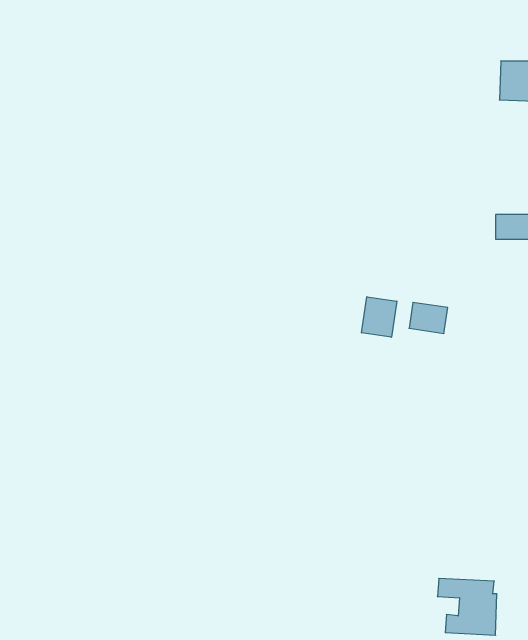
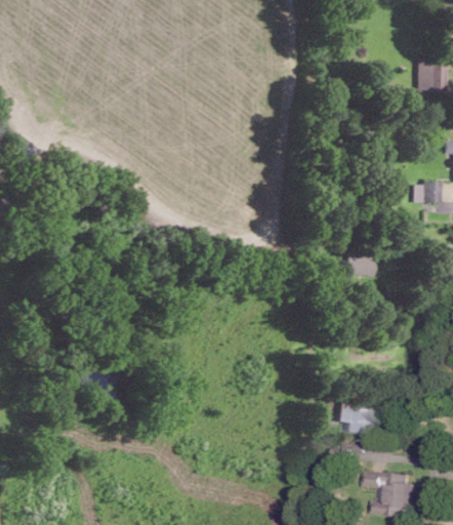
building: [362,297,397,337] -> none
building: none -> [338,402,380,435]

